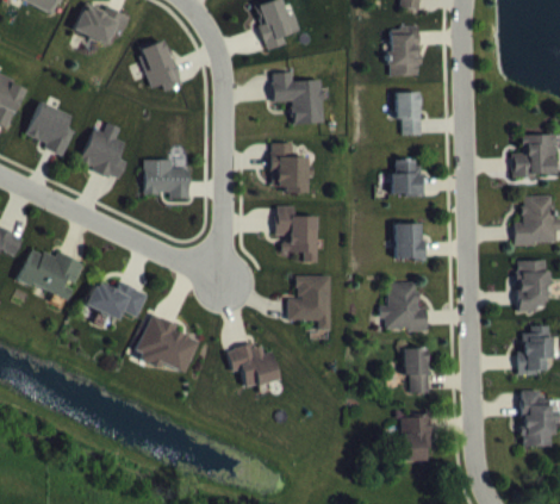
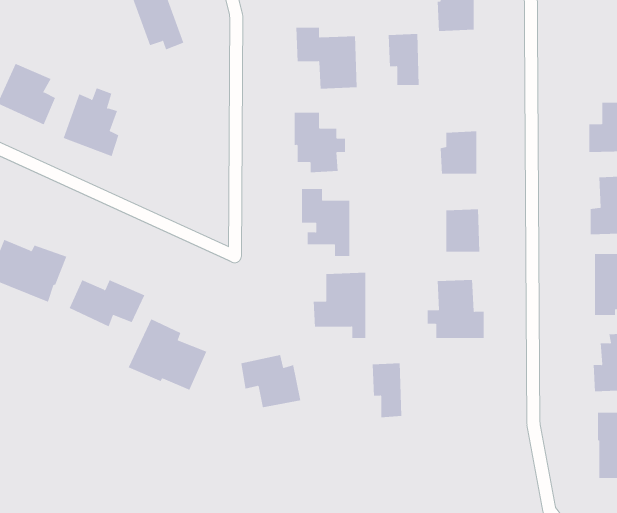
building: [396,92,422,135] -> [388,34,419,85]
building: [144,160,189,199] -> none
building: [404,348,429,393] -> [372,363,402,418]
building: [402,415,431,461] -> none

